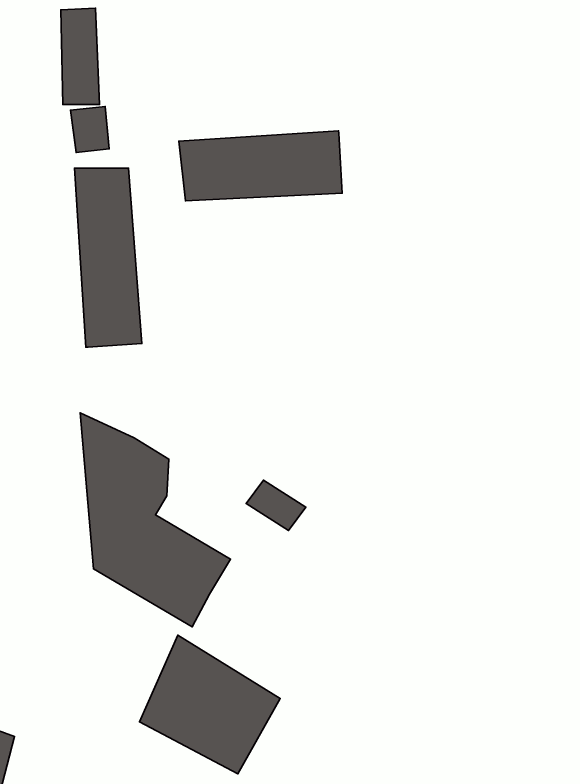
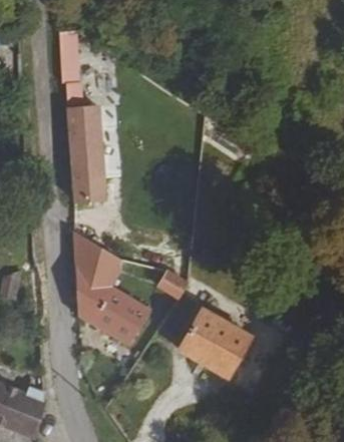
building: [179,131,342,201] -> none
building: [139,635,280,774] -> [181,308,254,380]

